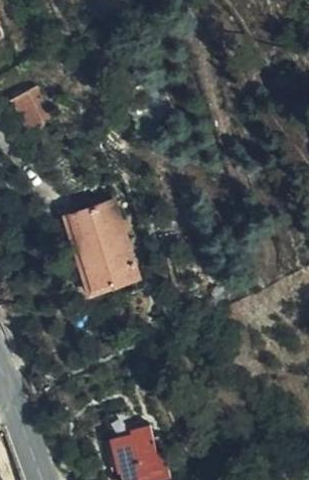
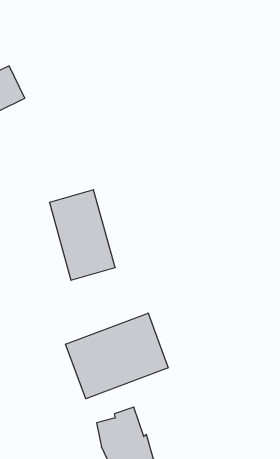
building: none -> [66,313,168,399]

